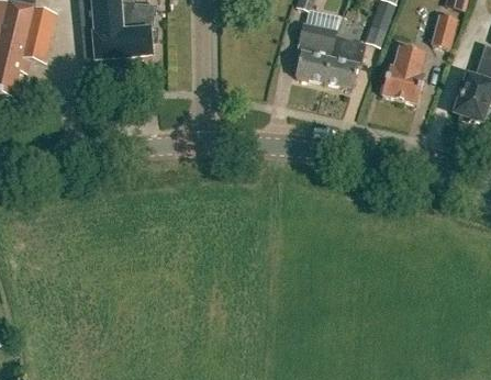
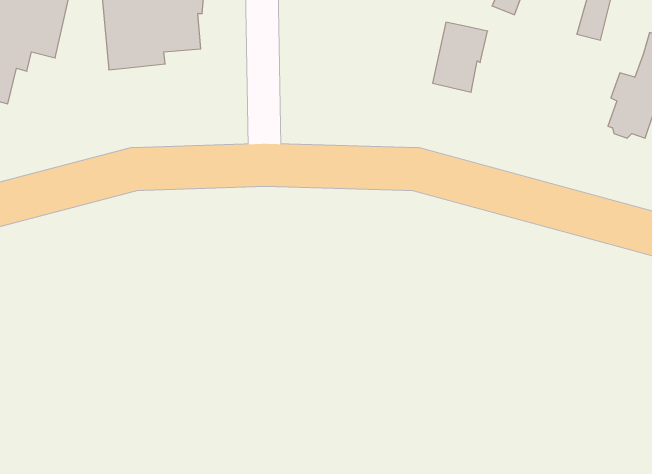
building: [295,24,336,80] -> none
building: [380,45,425,103] -> none

